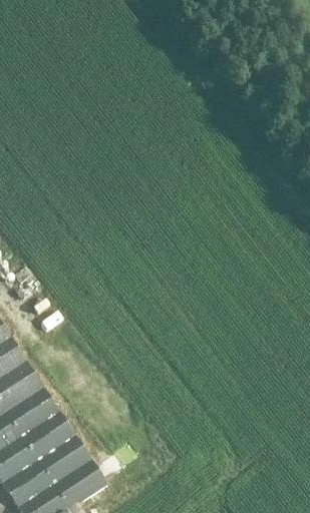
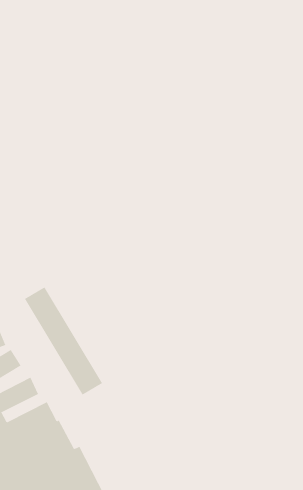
building: none -> [24,287,103,395]

